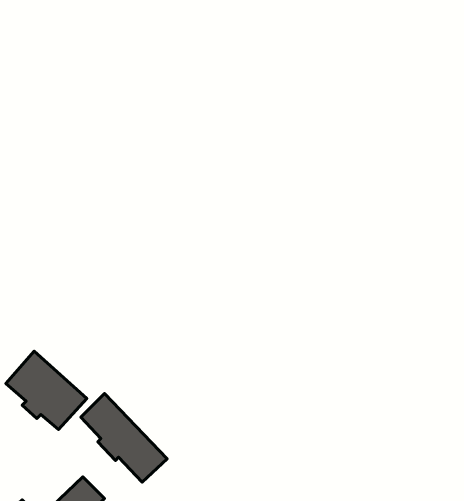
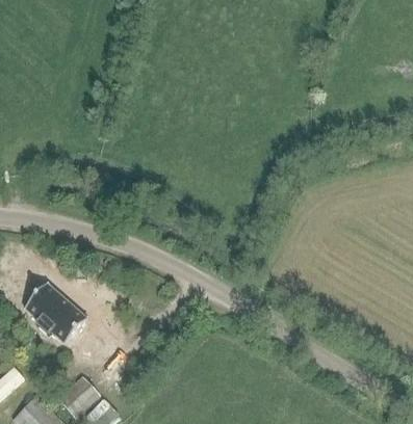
building: [81,394,167,482] -> none

